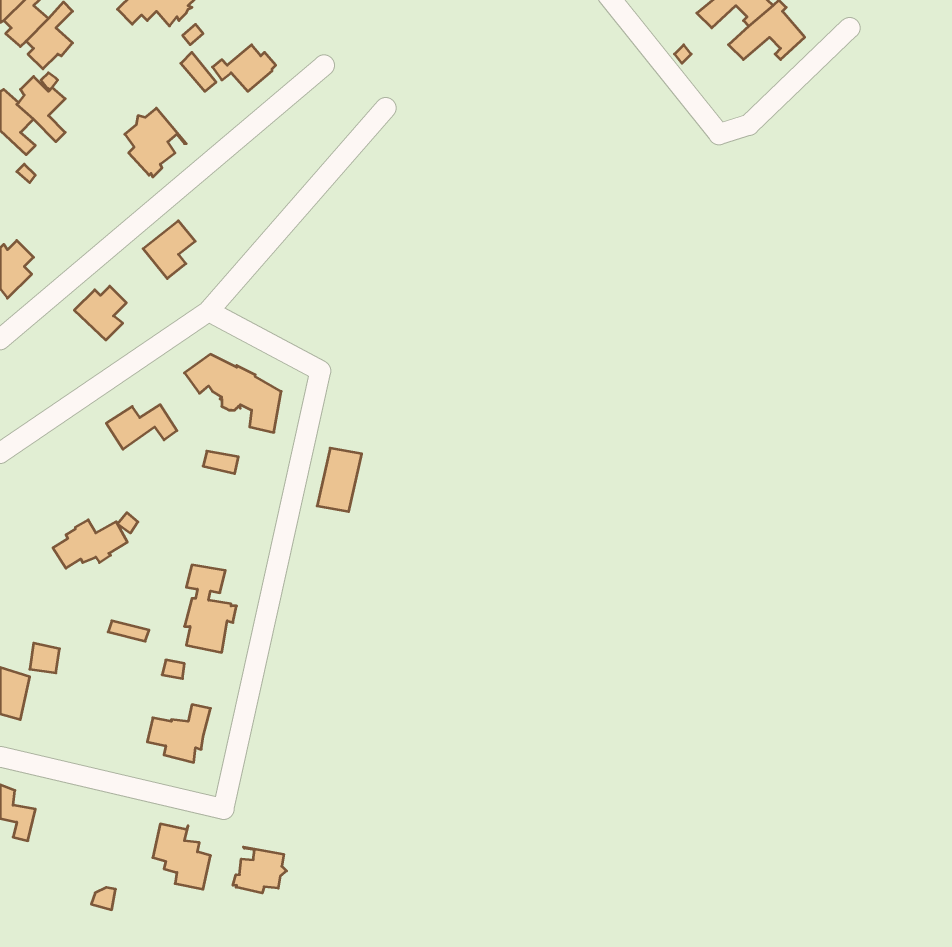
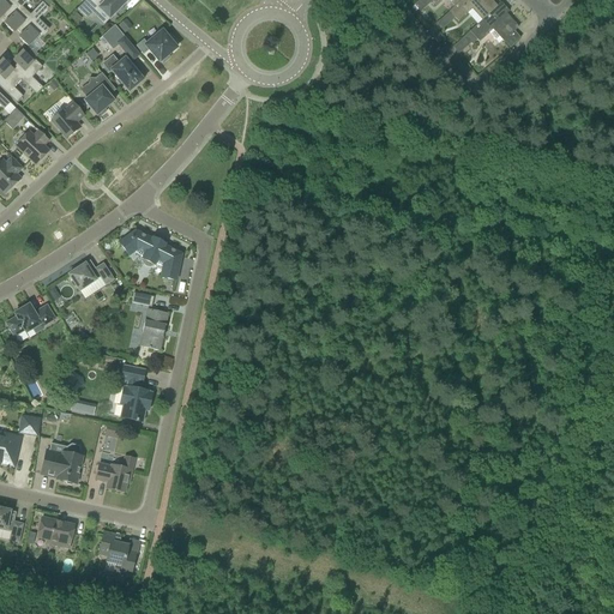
building: none -> [102,53,143,90]
building: [143,221,195,279] -> [50,100,84,137]
building: [74,286,126,340] -> [16,127,49,162]
building: [317,448,362,512] -> [139,307,168,348]
building: [53,520,127,568] -> [6,302,54,333]
building: none -> [41,441,82,483]
building: none -> [37,516,73,546]
building: [233,847,287,893] -> none

